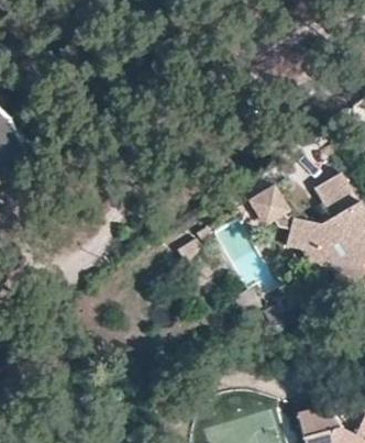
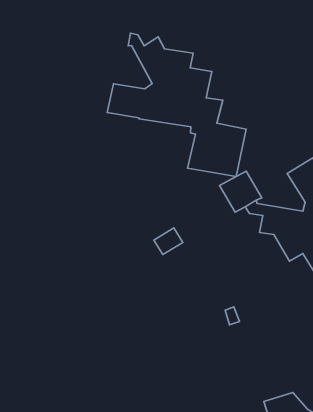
building: none -> [107,33,246,177]

